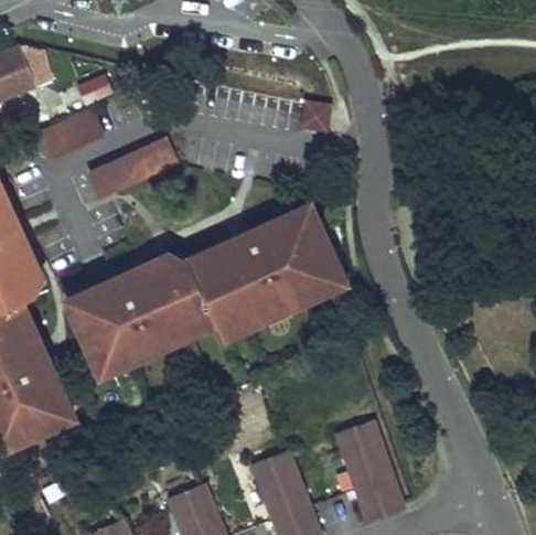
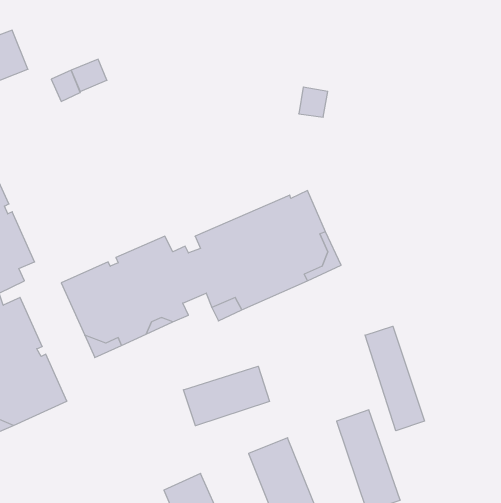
building: [42,111,105,159] -> none
building: [90,138,180,199] -> none
building: none -> [365,326,425,431]
building: none -> [183,366,270,426]

